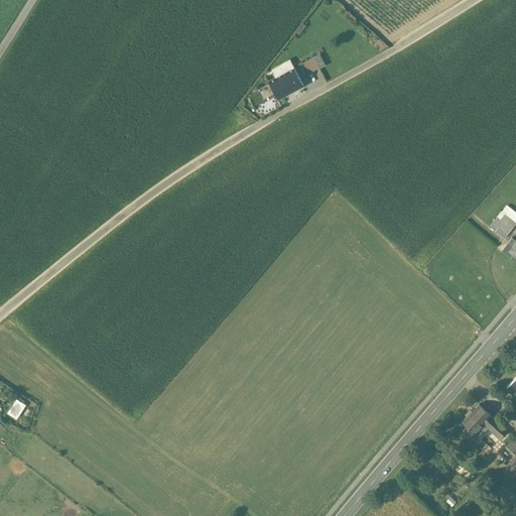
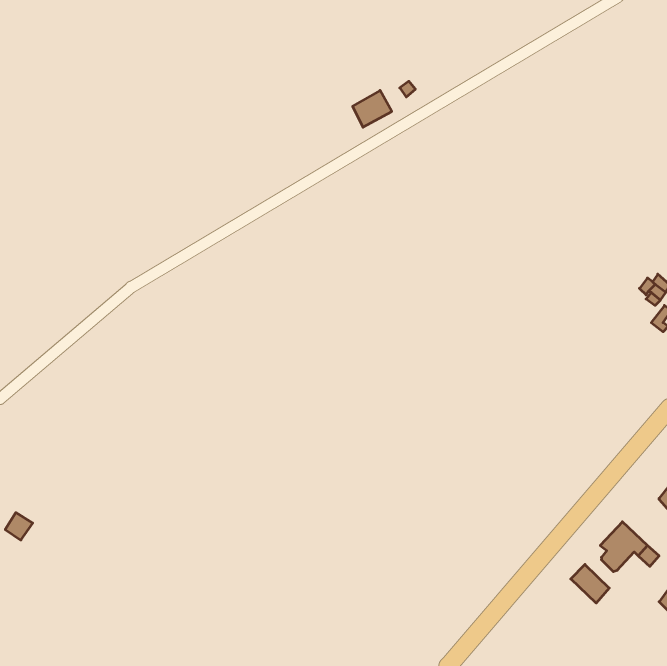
building: none -> [571,564,609,603]

